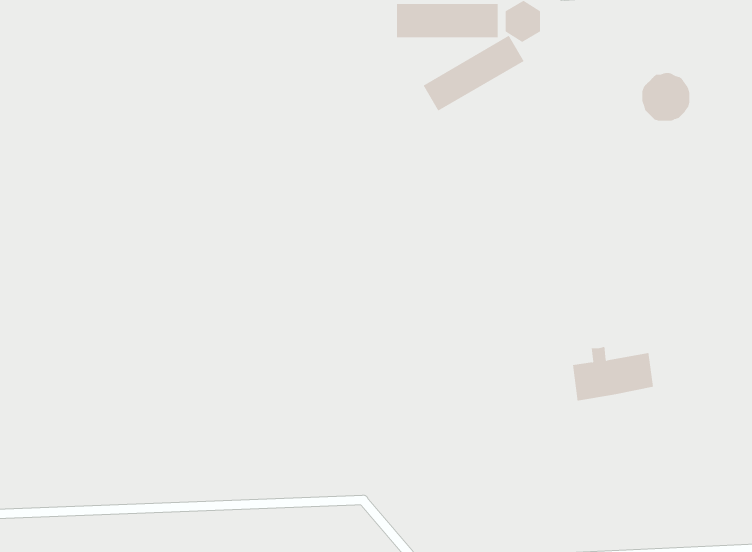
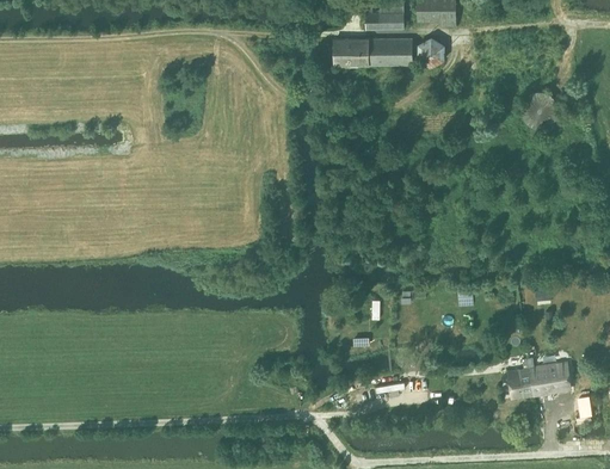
building: [423,35,524,112] -> none
building: [572,346,654,401] -> [506,357,568,399]

